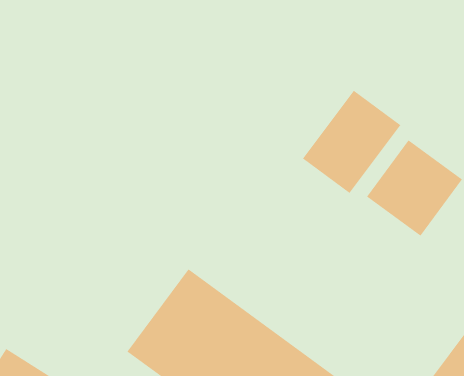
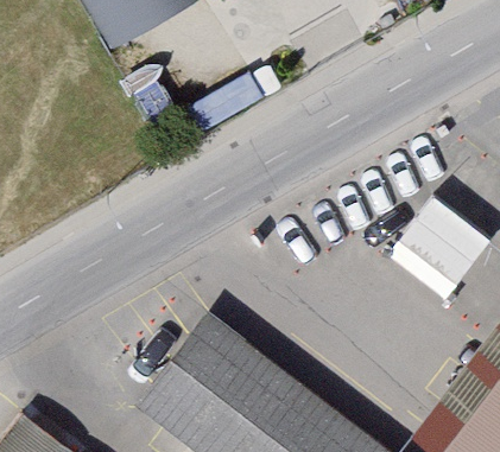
building: [302,90,401,194] -> none

